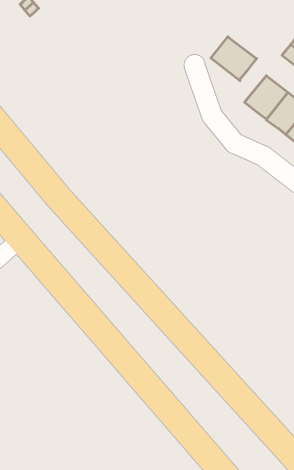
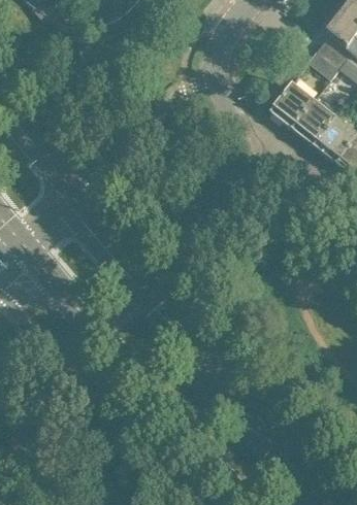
building: [211,37,257,81] -> none

